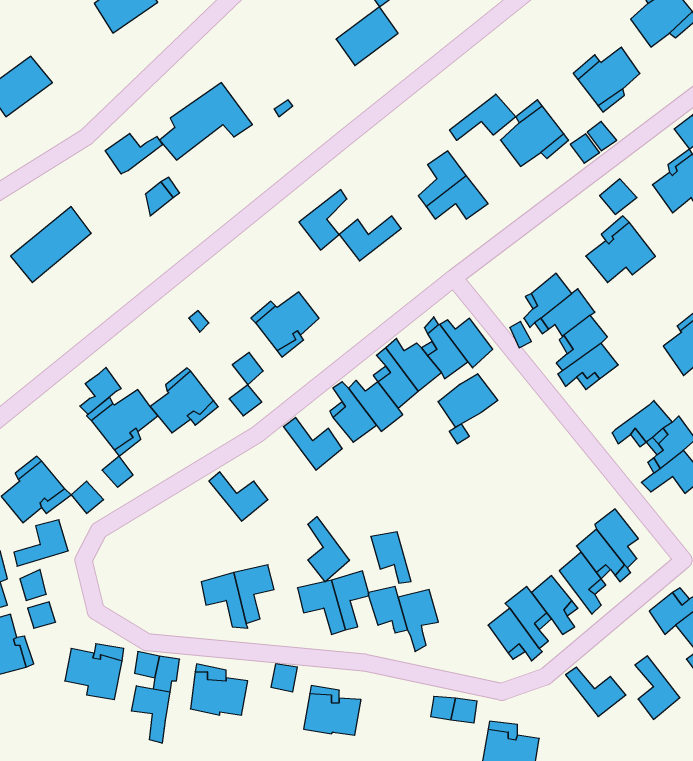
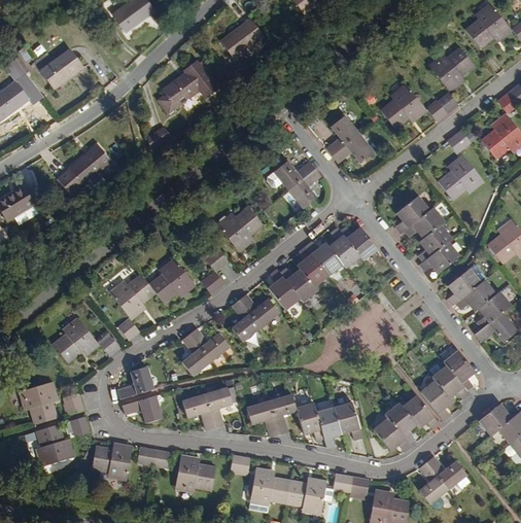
building: [336,7,398,66] -> [221,23,263,62]
building: [450,94,516,140] -> none
building: [105,133,163,174] -> none
building: [299,190,347,250] -> [288,165,320,205]
building: [80,367,121,414] -> none
building: [438,374,498,427] -> none
building: none -> [449,267,481,299]
building: none -> [182,333,210,374]
building: [308,517,350,582] -> [232,297,259,340]
building: [14,520,68,566] -> [117,365,153,396]
building: [371,532,411,583] -> [335,402,361,435]
building: none -> [120,393,161,420]
building: [635,656,680,719] -> [417,461,447,503]
building: [131,686,170,743] -> none
building: none -> [285,479,325,514]

